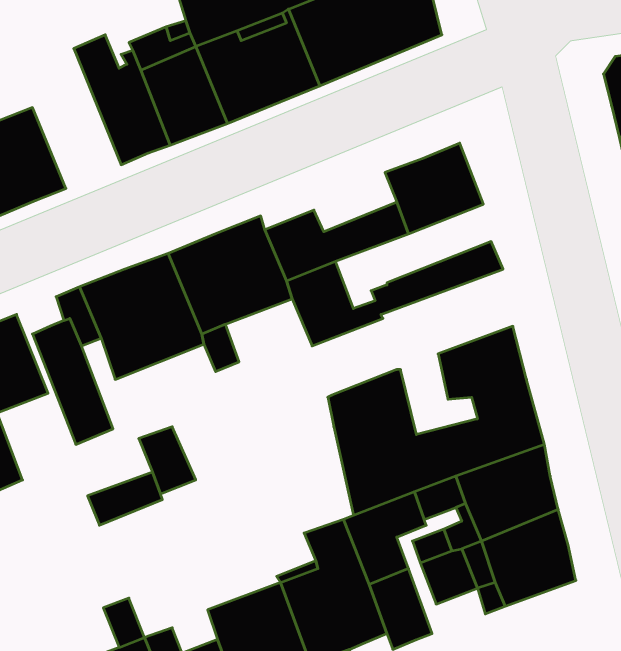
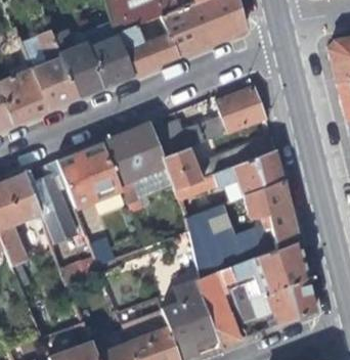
building: none -> [23,31,79,109]
building: none -> [214,151,282,195]

